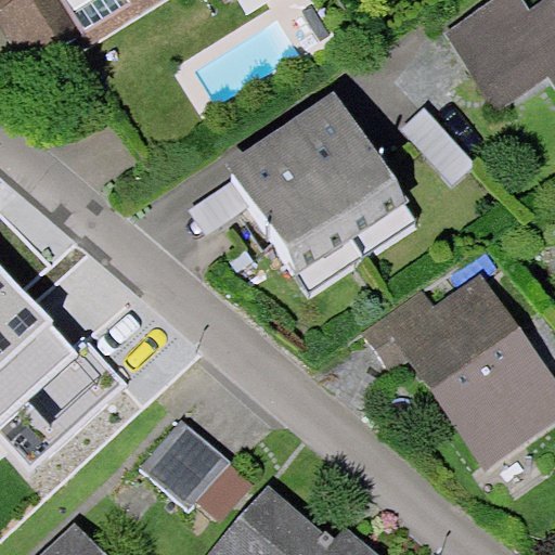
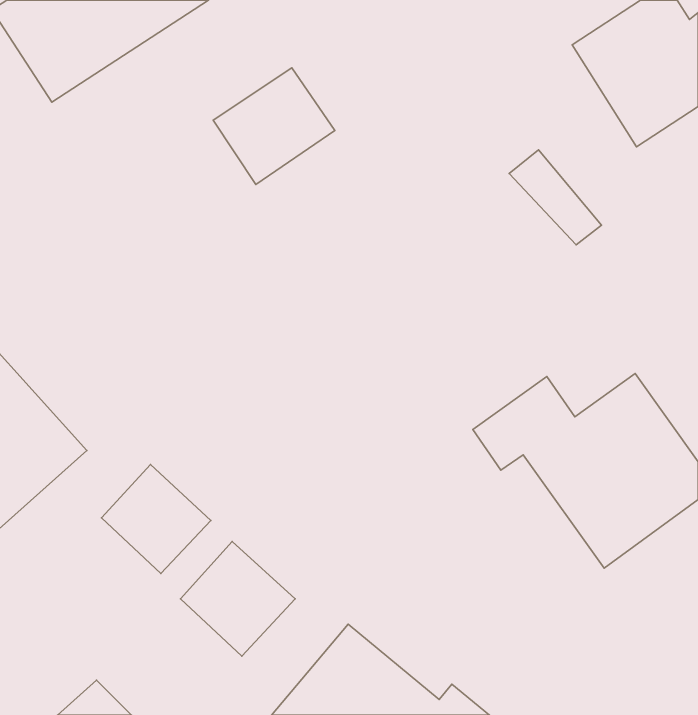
building: none -> [213,68,335,184]
building: [238,113,416,285] -> none
building: none -> [102,465,211,574]

